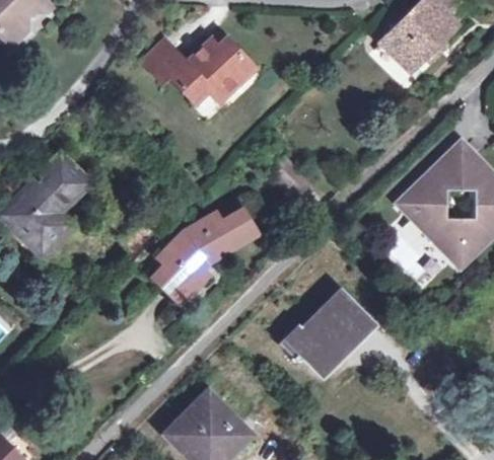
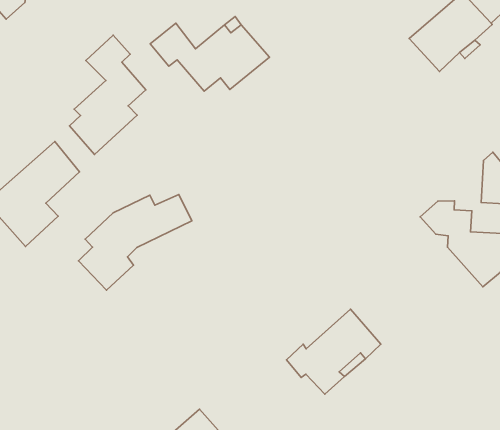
building: none -> [70,35,146,154]
building: [414,149,453,196] -> none
building: [153,211,255,302] -> [78,194,192,290]

